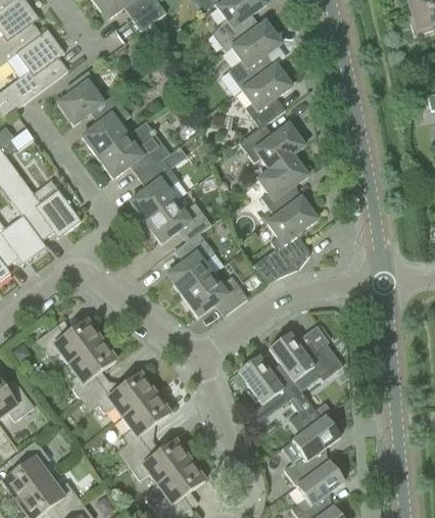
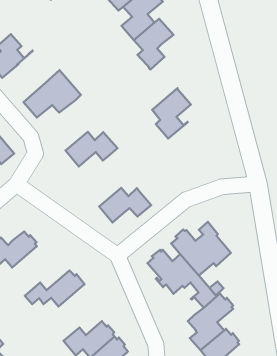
building: [82,94,131,157] -> none
building: [240,125,304,171] -> none
building: [130,159,179,222] -> none
building: [253,198,317,283] -> none
building: [166,233,215,295] -> none
building: [67,339,116,401] -> none
building: [117,391,171,461] -> none

